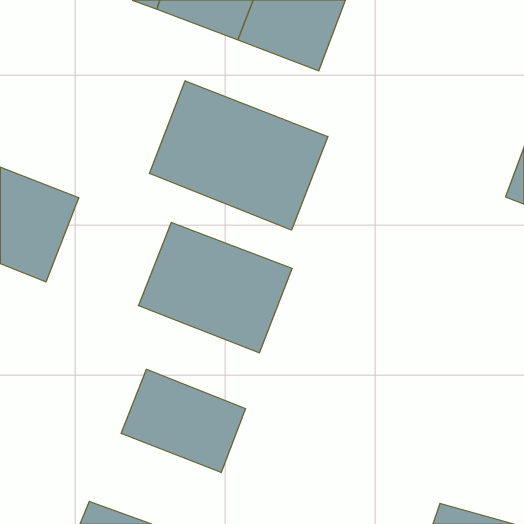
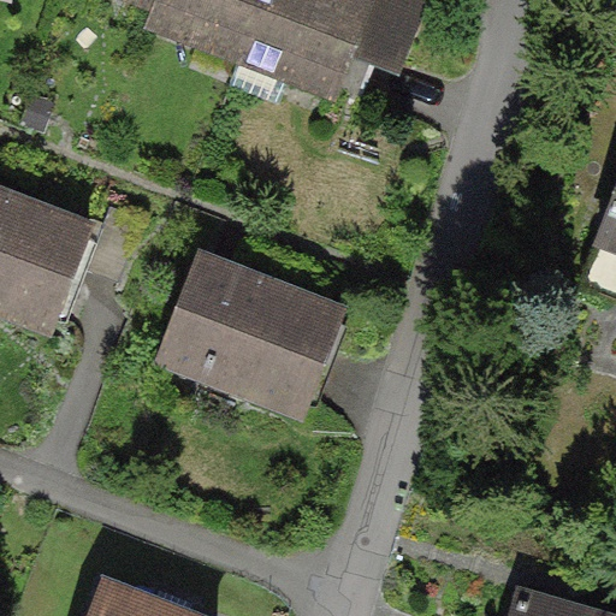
building: [150,81,328,230] -> none
building: [121,369,246,473] -> none

